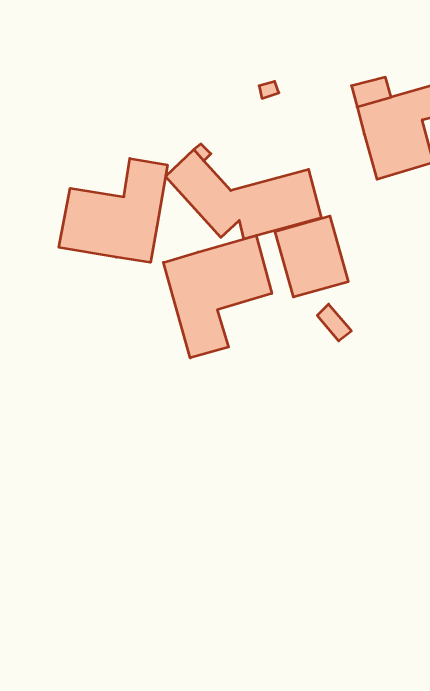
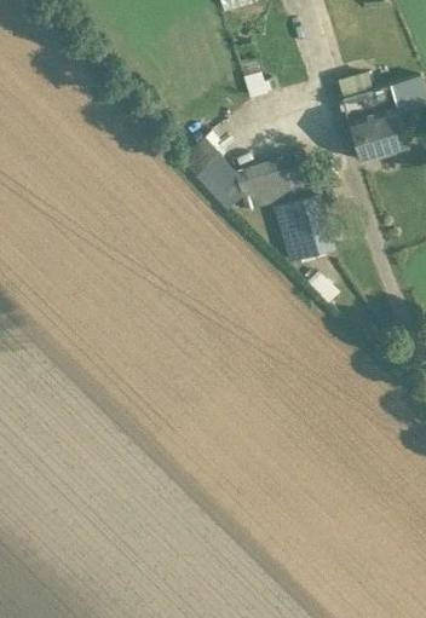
building: [59,158,167,262] -> none
building: [163,235,272,358] -> none

